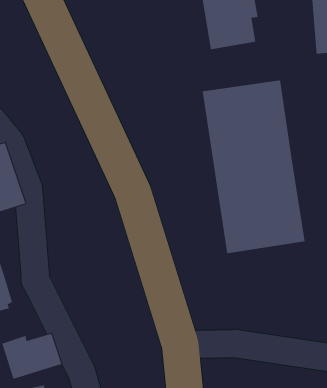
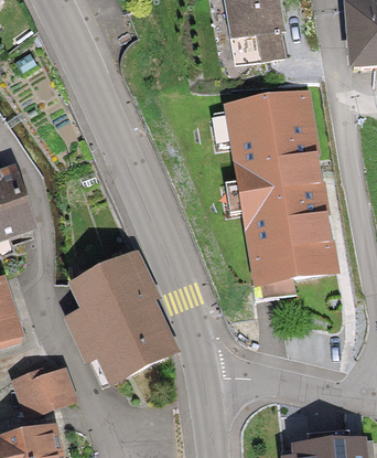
building: none -> [64,249,179,383]

